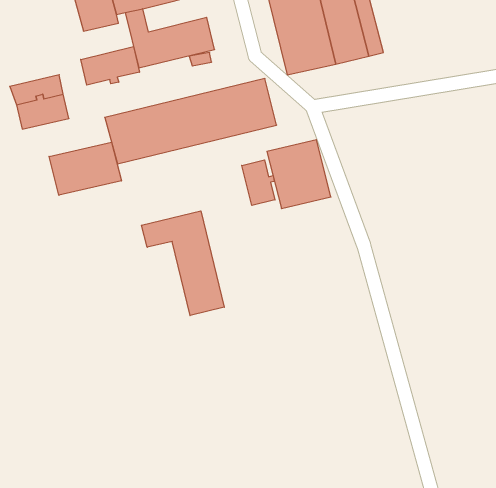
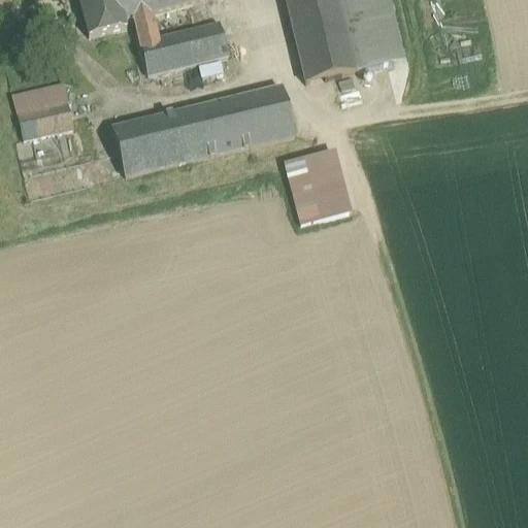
building: [81,47,139,85] -> none
building: [49,142,121,195] -> none
building: [242,160,275,205] -> none
building: [141,211,224,316] -> none

